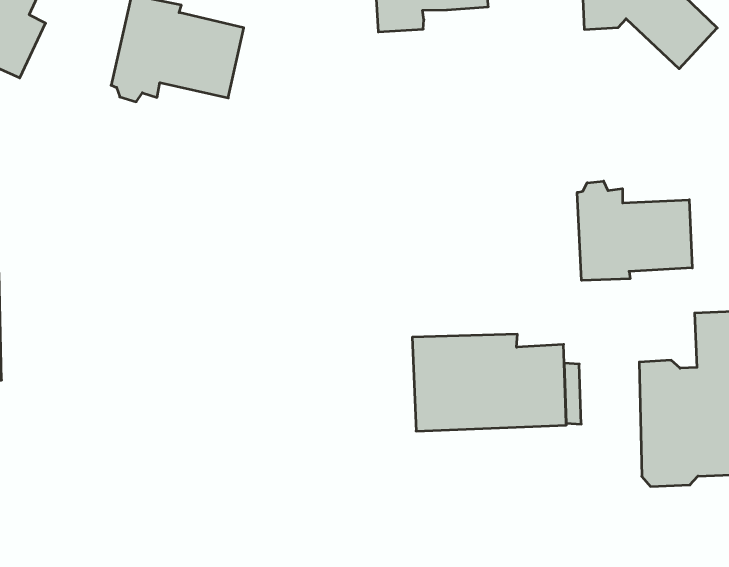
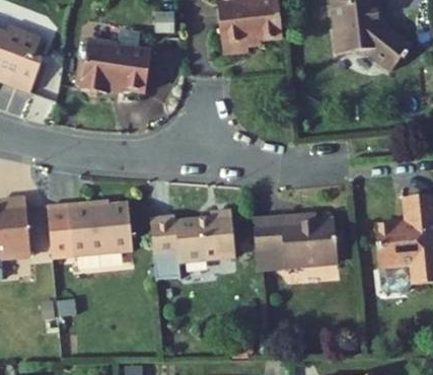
building: [577,181,692,280] -> none
building: none -> [47,202,133,257]
building: none -> [150,211,235,279]

